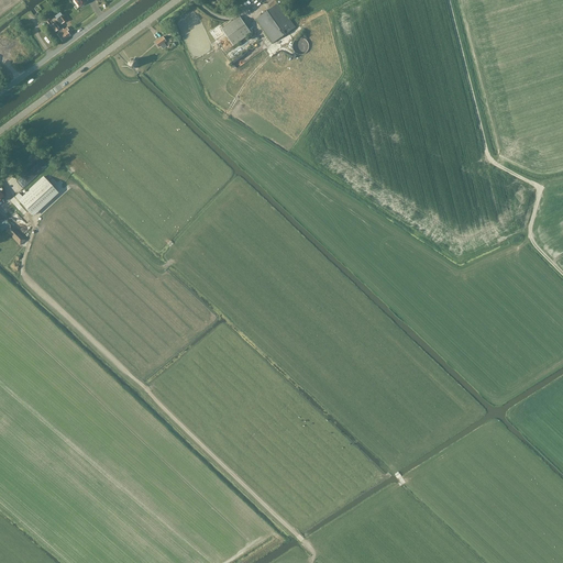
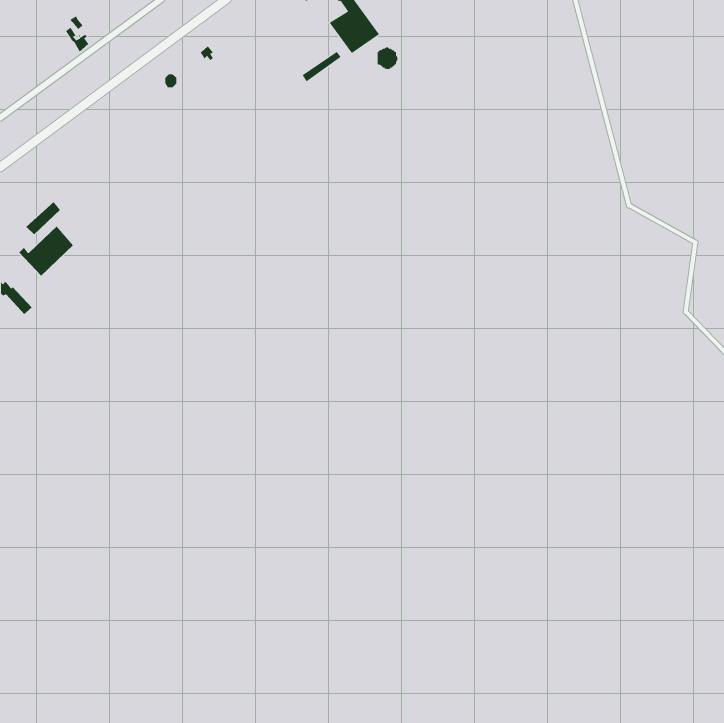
building: [221,15,251,45] -> none

